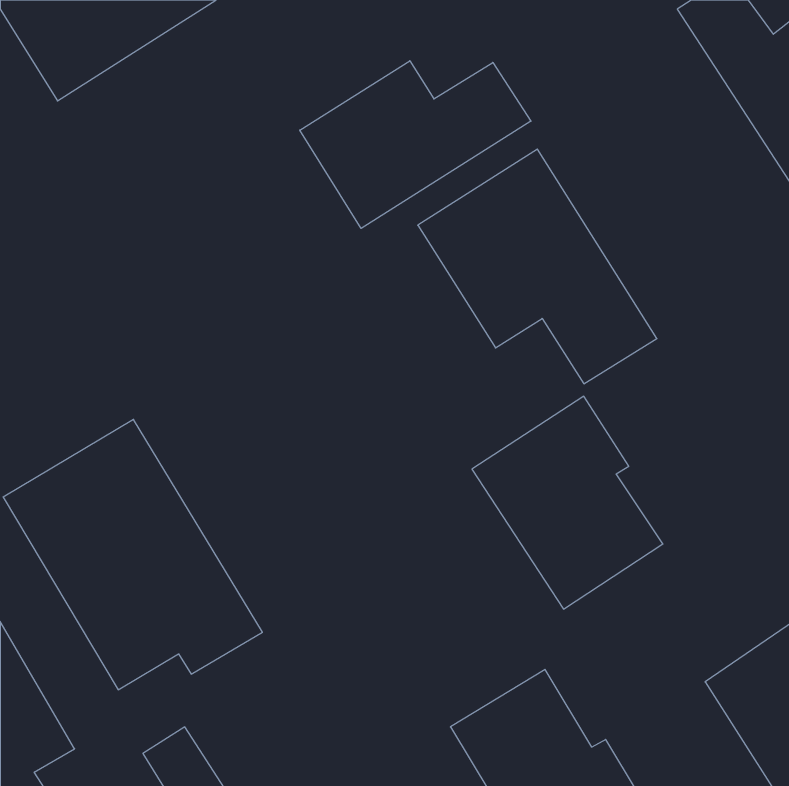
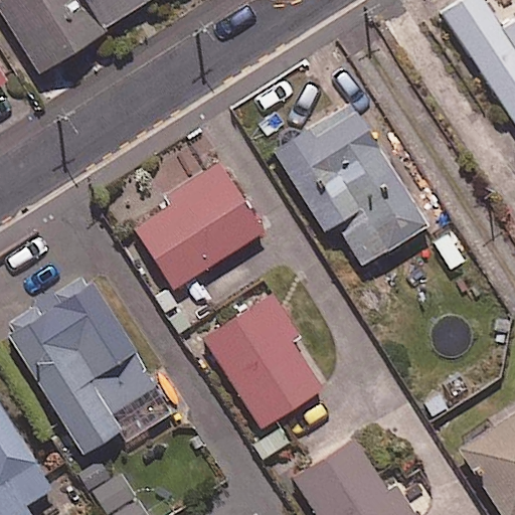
building: [300,61,531,228] -> none
building: none -> [135,164,264,290]
building: [472,396,663,609] -> [199,292,323,430]

